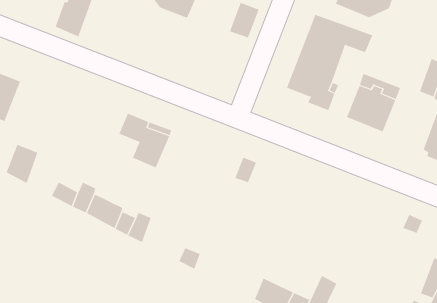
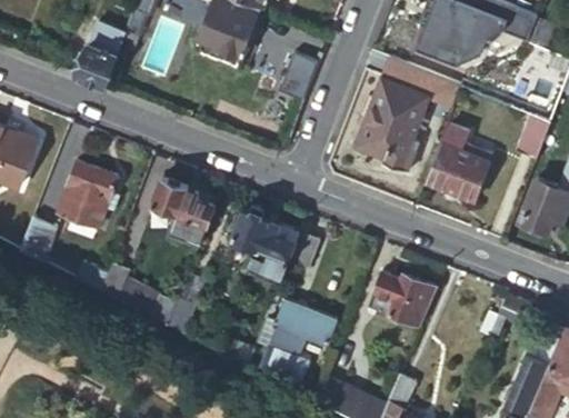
building: none -> [53,161,116,228]
building: none -> [234,209,299,279]
building: none -> [369,271,438,326]
building: none -> [259,299,336,382]

